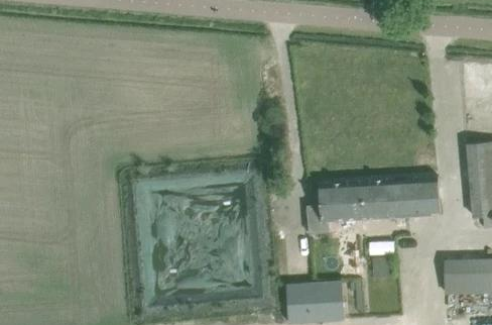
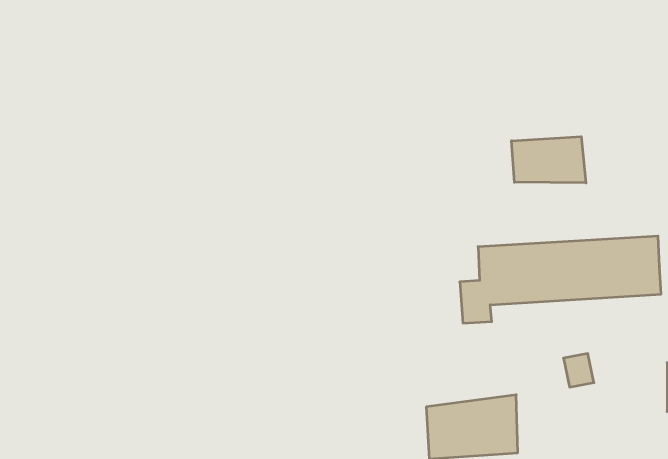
building: none -> [512,137,586,183]

